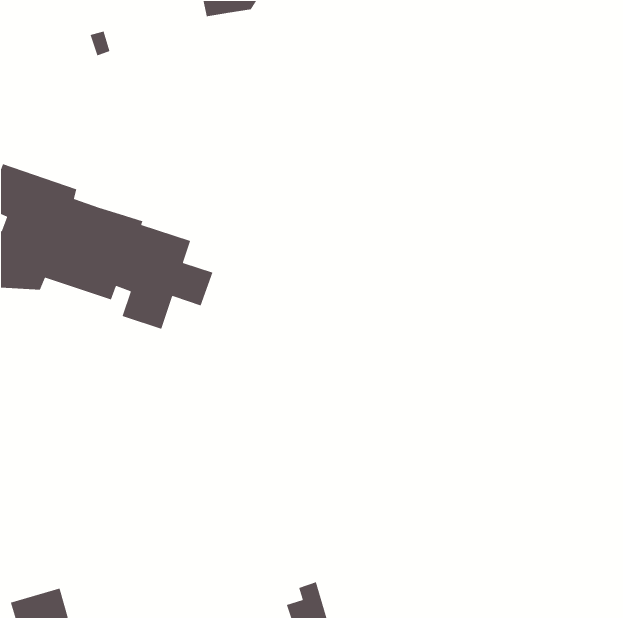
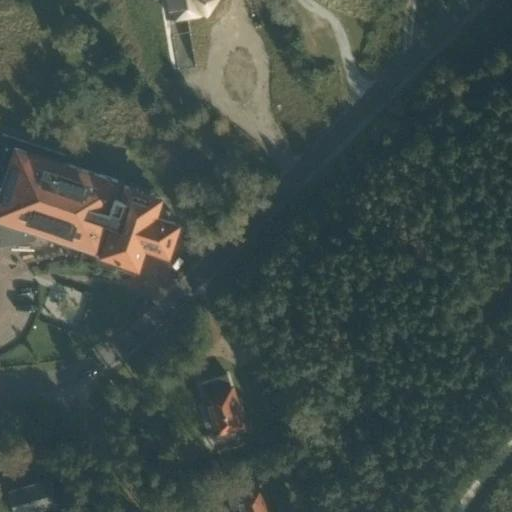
building: none -> [206,381,247,441]

